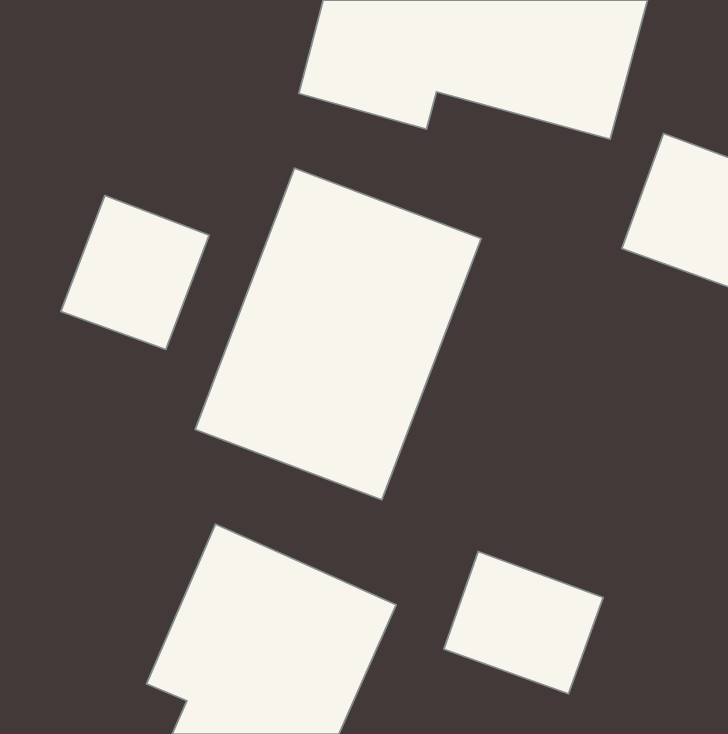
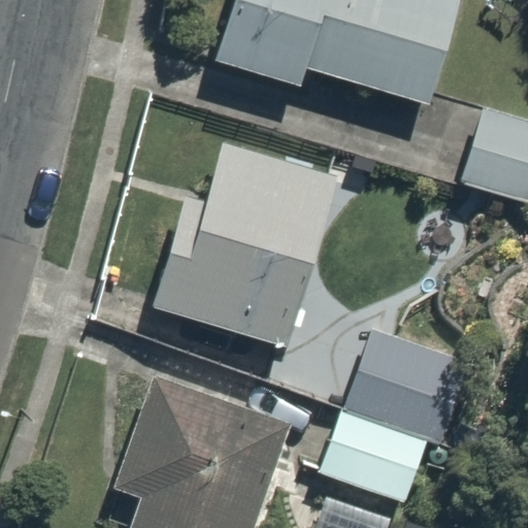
building: [61,196,209,349] -> none
building: none -> [348,318,466,429]

